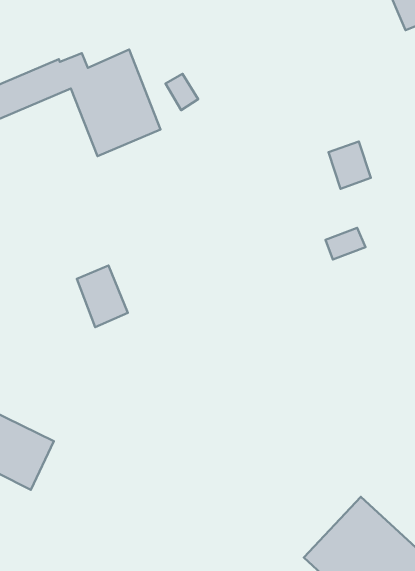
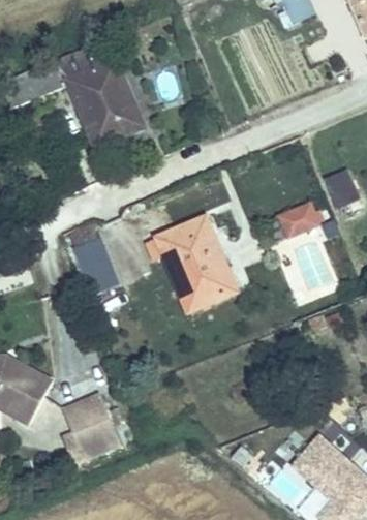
building: [329,141,371,189] -> [325,170,361,210]
building: none -> [156,215,234,308]
building: none -> [79,403,127,463]

